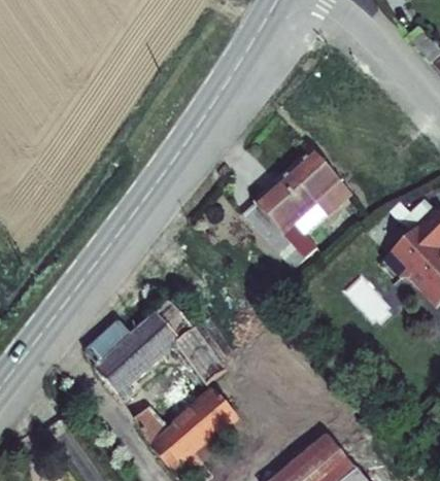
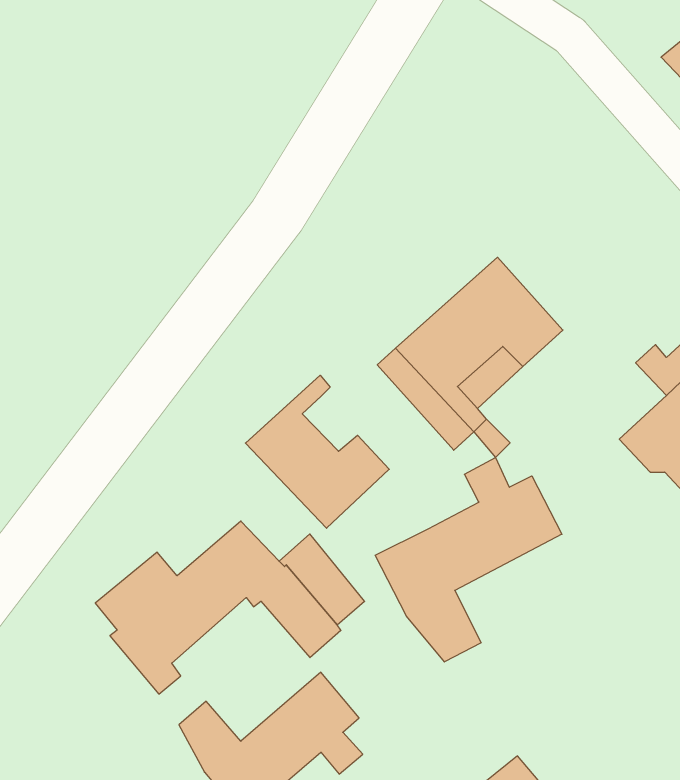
building: none -> [245,375,389,528]
building: none -> [375,457,562,662]

